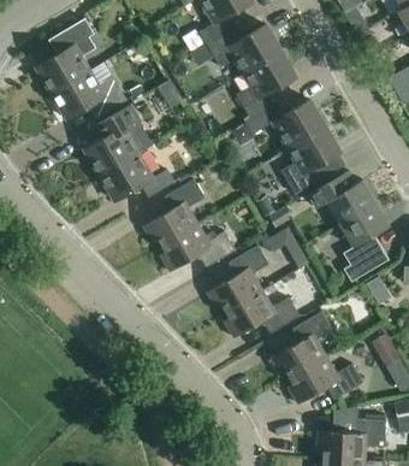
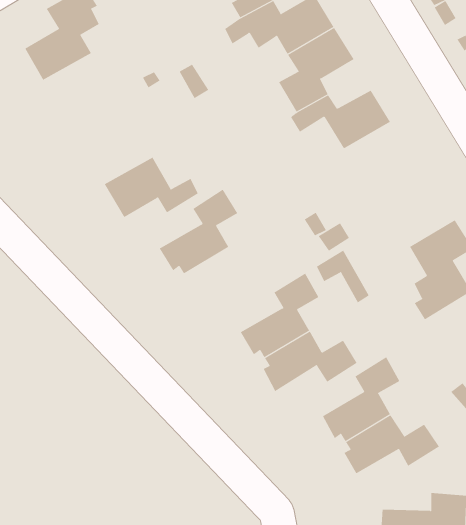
building: [51,71,125,119] -> none
building: [84,106,152,175] -> none
building: [280,125,339,194] -> none
building: [308,171,375,224] -> none
building: [159,224,235,272] -> none

